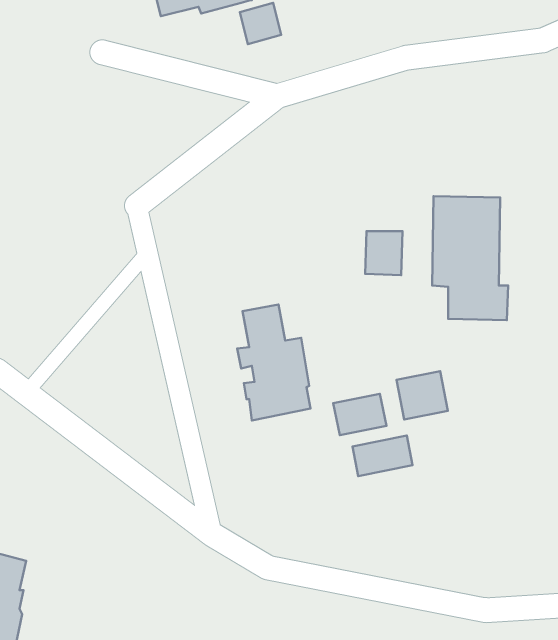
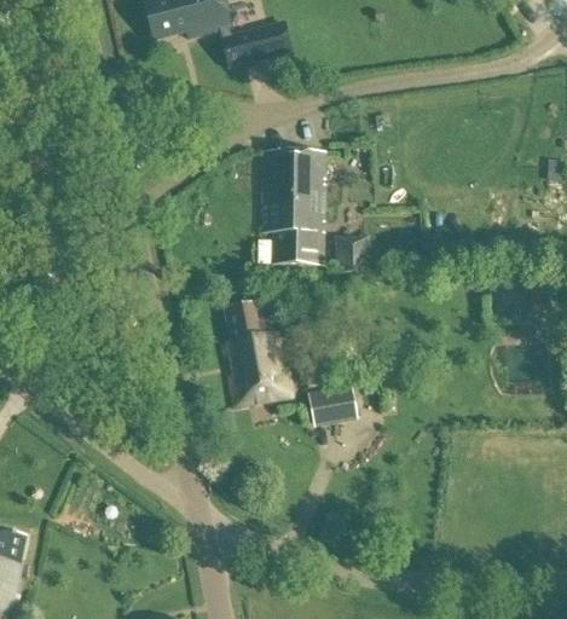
building: [432,196,508,320] -> [262,150,331,262]
building: [397,371,448,420] -> none
building: [353,436,412,476] -> none

